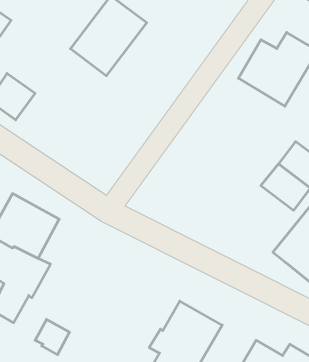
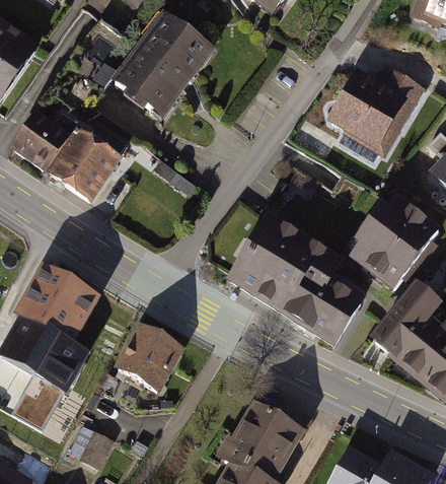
building: none -> [45,128,120,203]
building: none -> [227,212,360,340]
building: none -> [114,323,183,395]

